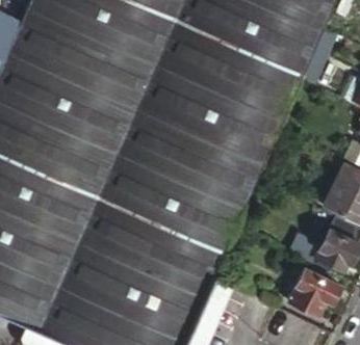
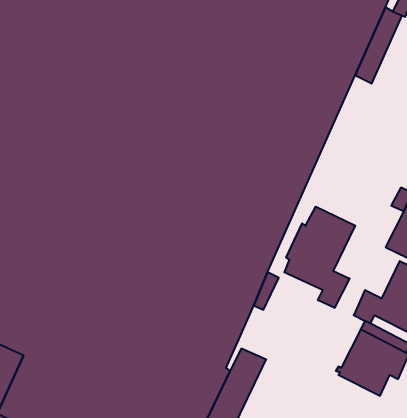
building: none -> [284,207,355,308]

